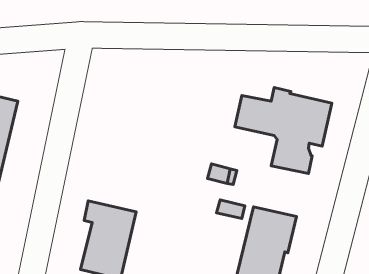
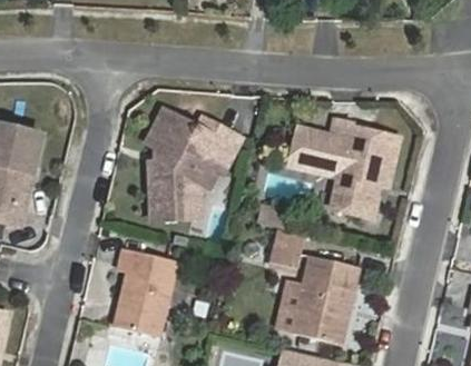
building: none -> [148,115,235,219]

